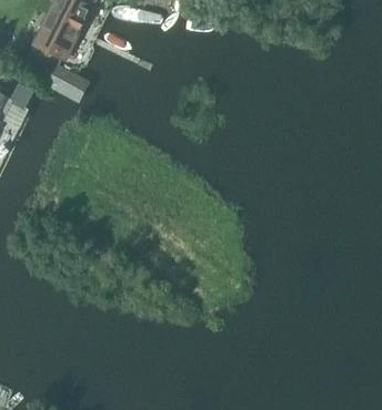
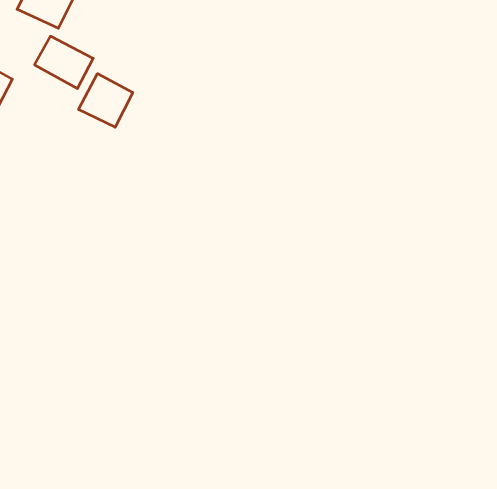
building: none -> [79,74,133,127]

